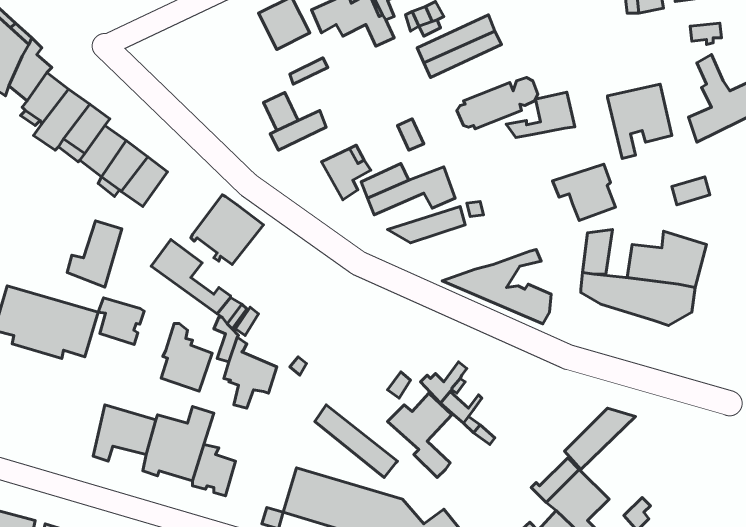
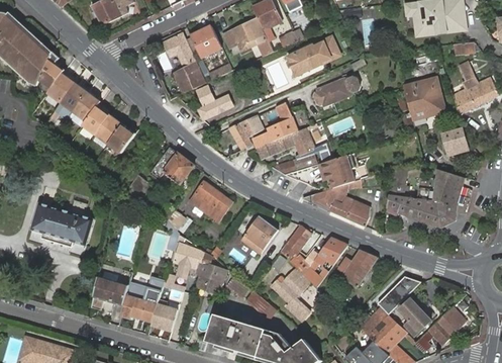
building: none -> [164,33,206,92]
building: [506,92,575,138] -> none
building: [553,164,615,220] -> [318,155,357,189]
building: [67,221,122,287] -> none
building: none -> [189,181,228,220]
building: [98,298,144,344] -> none
building: none -> [240,215,277,253]
building: none -> [280,224,311,260]
building: [161,324,212,391] -> [194,252,225,293]
building: none -> [315,238,346,268]
building: none -> [341,250,376,286]
building: none -> [399,298,430,336]
building: none -> [429,306,466,342]

